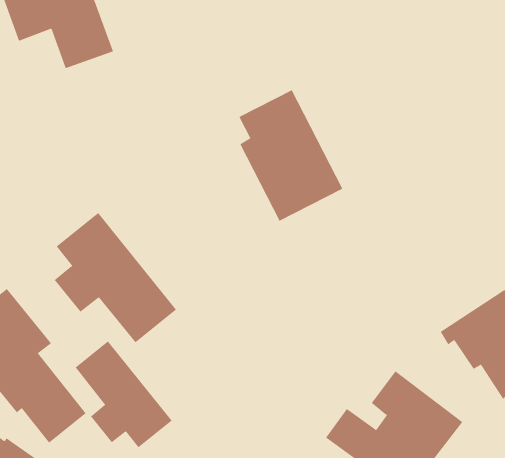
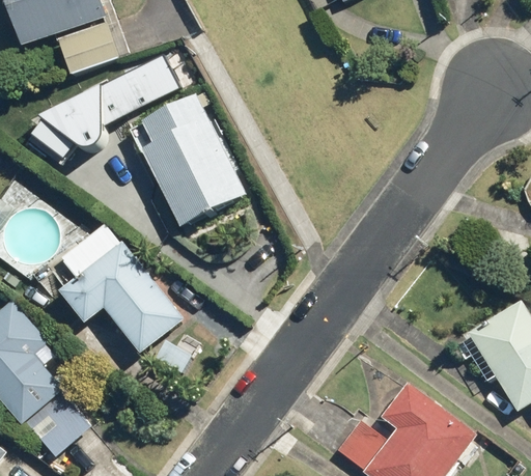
building: none -> [38,51,176,145]
building: [238,89,343,221] -> [140,93,247,228]
building: [75,341,173,448] -> none

